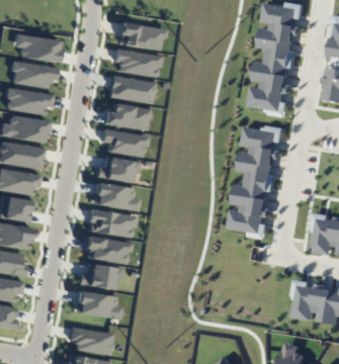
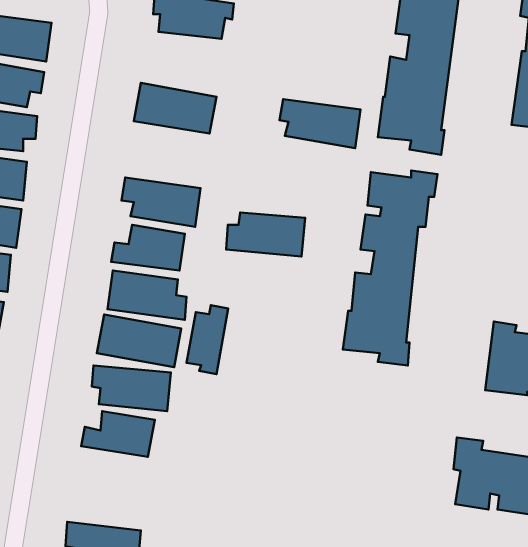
building: [114,50,161,78] -> [280,99,360,148]
building: [104,104,150,129] -> [226,213,305,257]
building: none -> [187,305,228,374]
building: [76,291,121,320] -> none

